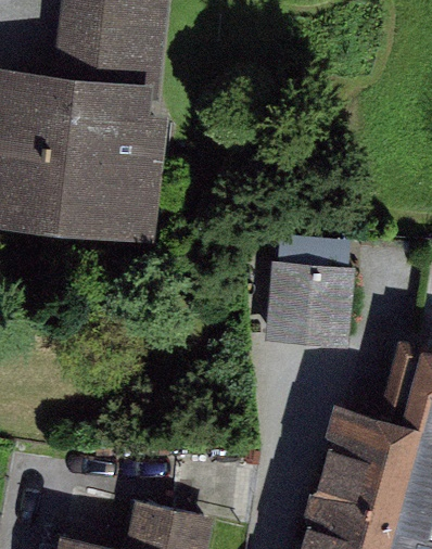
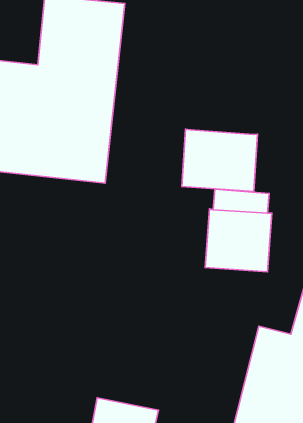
building: none -> [182,129,257,191]

